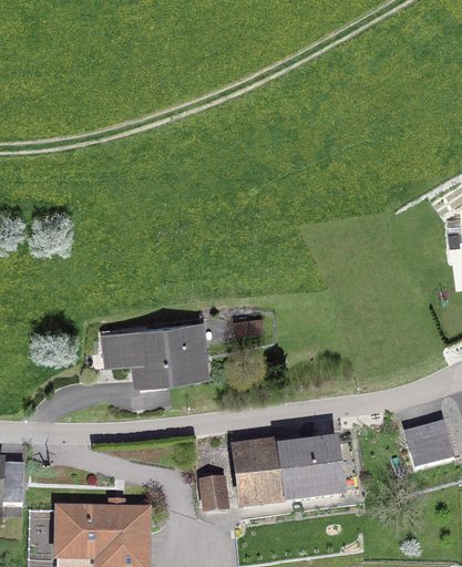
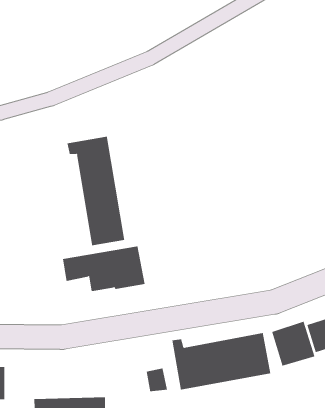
building: none -> [67,136,125,246]
building: none -> [271,321,315,366]

